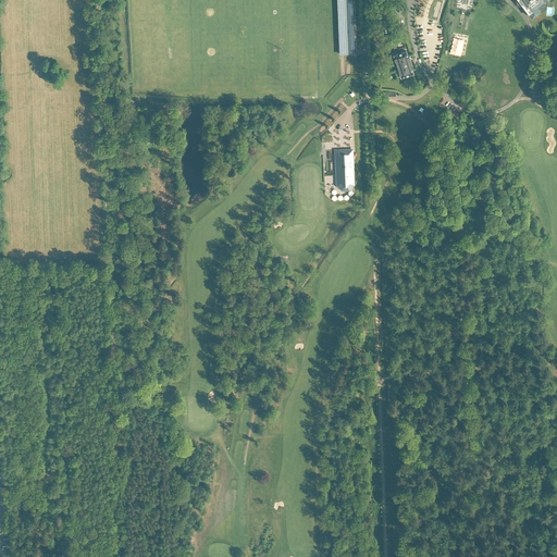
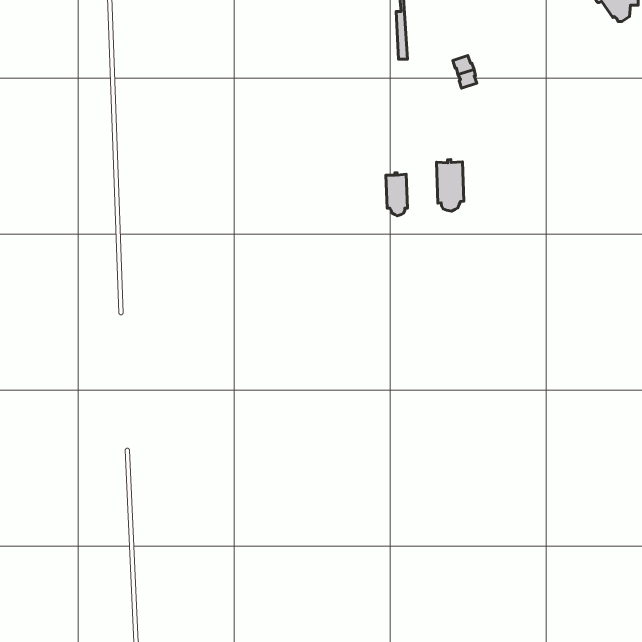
building: none -> [436,160,464,211]

